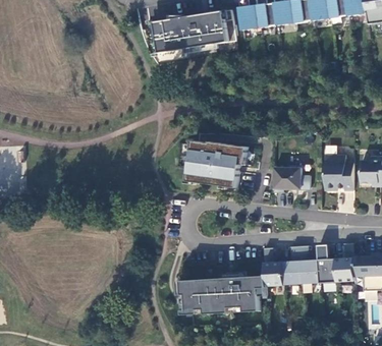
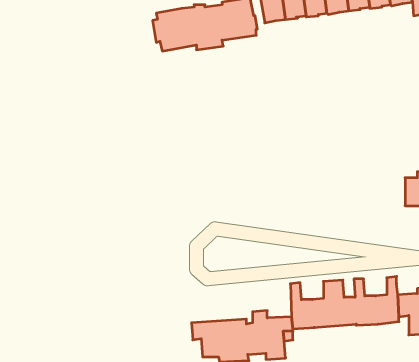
building: [188,139,248,187] -> none
building: [324,154,352,189] -> none
building: [273,164,309,191] -> none

